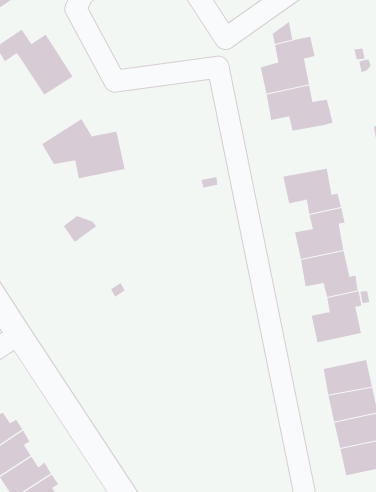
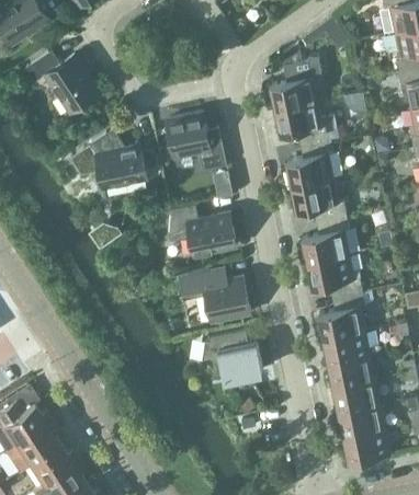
building: none -> [167,113,226,171]
building: none -> [285,140,332,187]
building: none -> [163,205,236,255]
building: none -> [179,269,250,322]
building: none -> [202,331,262,380]
building: none -> [322,332,369,365]

